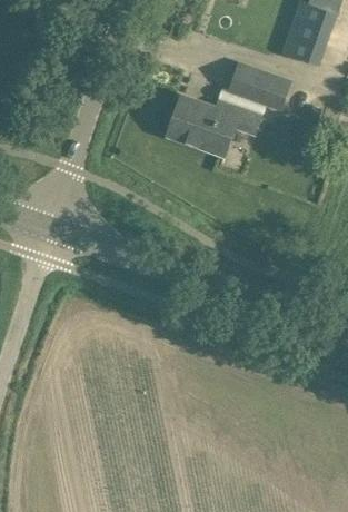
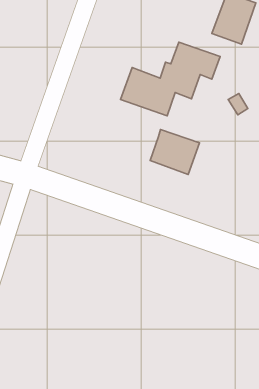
building: none -> [150,129,199,175]

